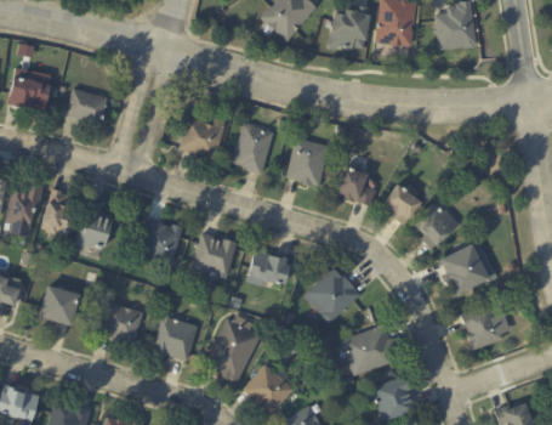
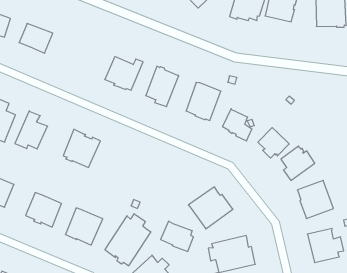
building: [190,232,237,280] -> none
building: [247,249,289,284] -> [161,221,193,251]

